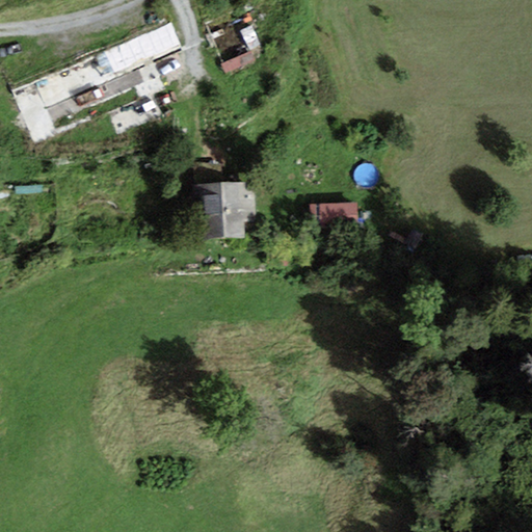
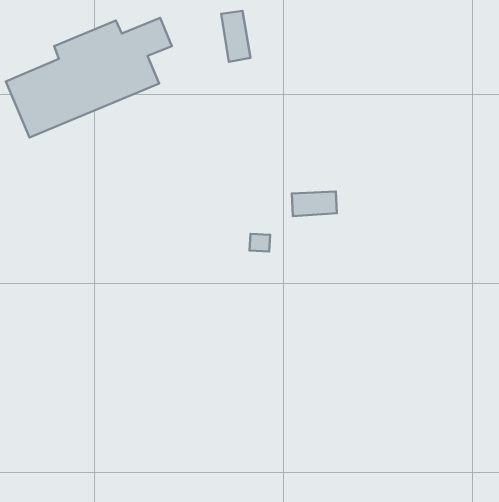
building: [191,183,255,239] -> none

